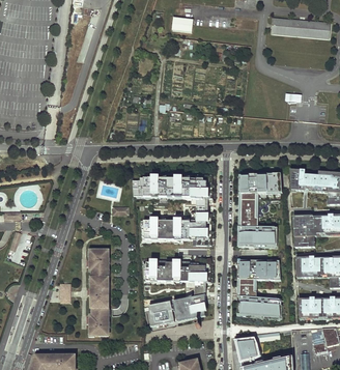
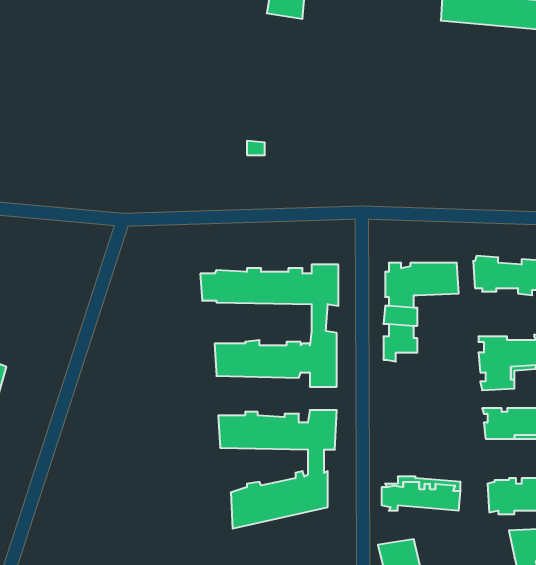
building: [237,228,277,248] -> none
building: [89,249,108,335] -> none
building: [236,261,279,286] -> none

